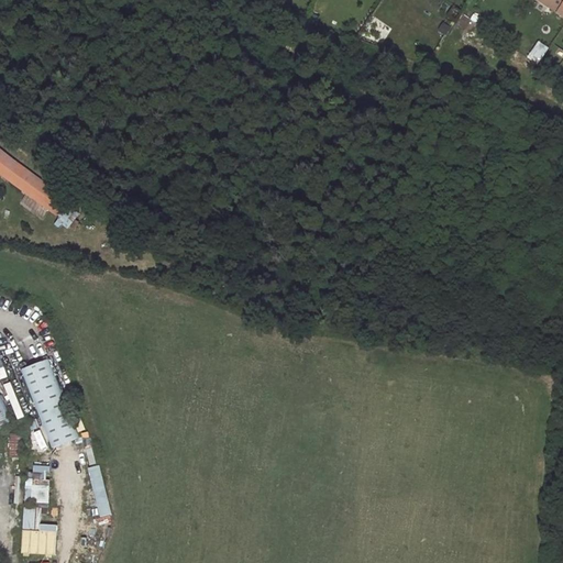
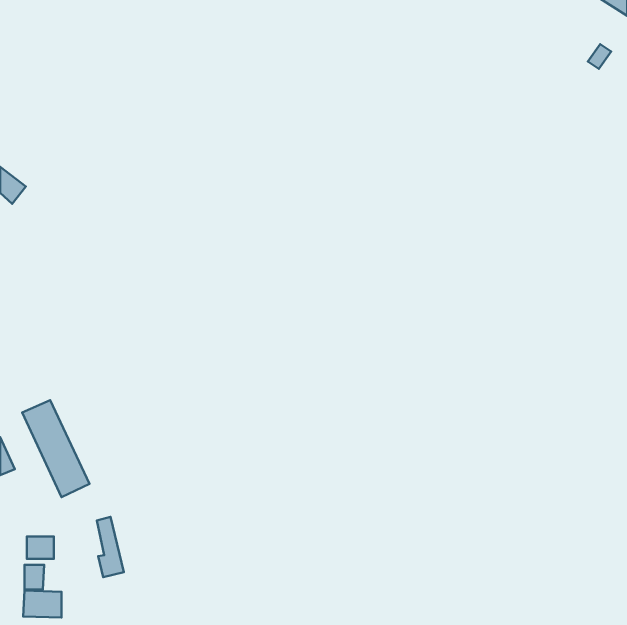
building: [11,167,56,208] -> none

